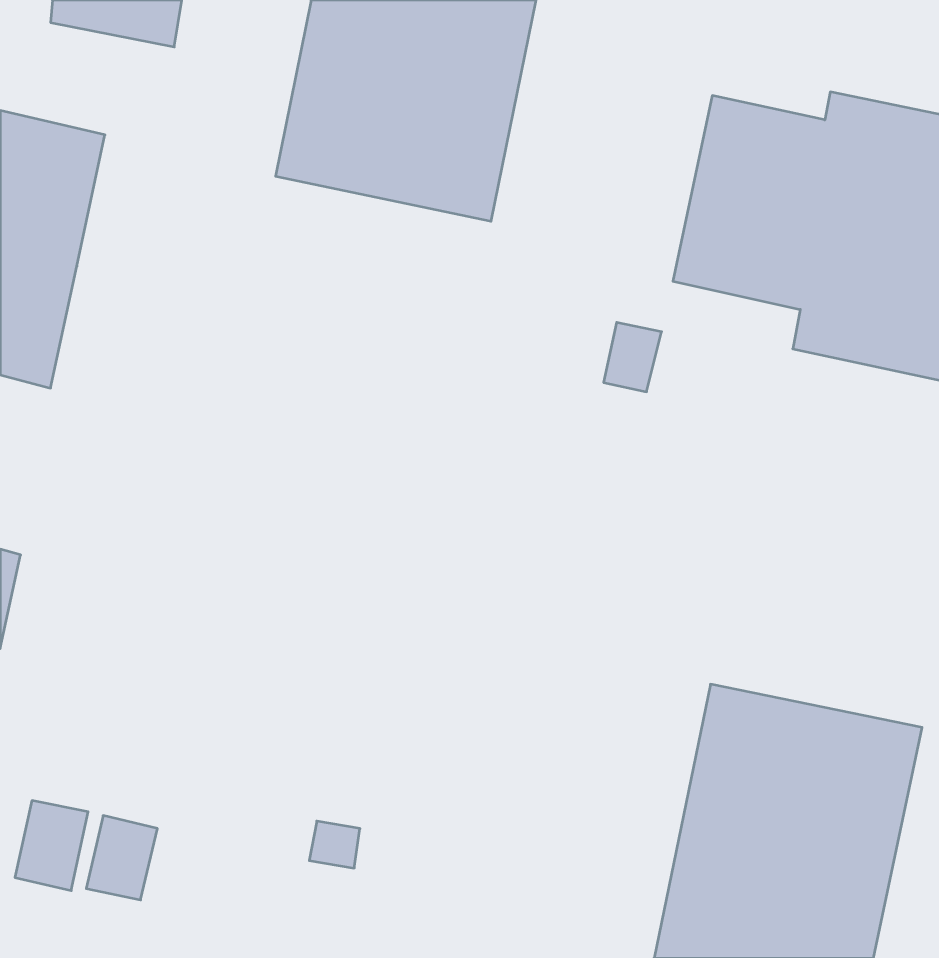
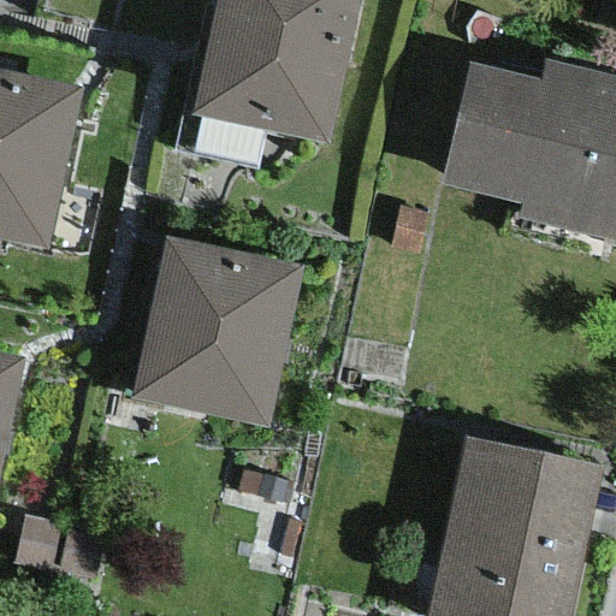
building: none -> [132,237,302,425]

